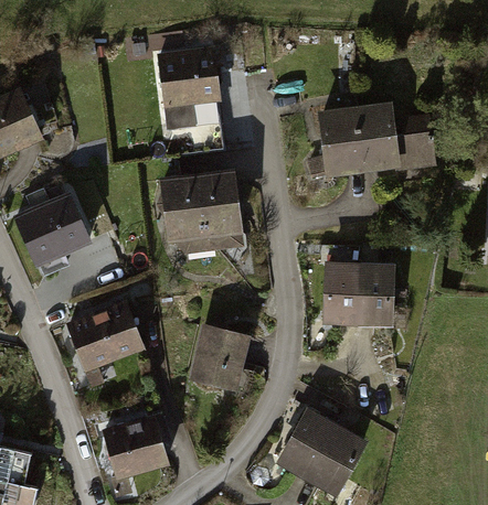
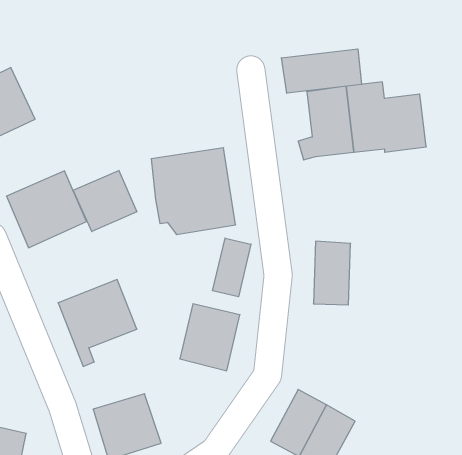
building: [156,46,225,157] -> none
building: none -> [281,49,362,93]
building: none -> [73,170,137,232]
building: none -> [213,238,251,297]
building: [358,264,394,326] -> none

